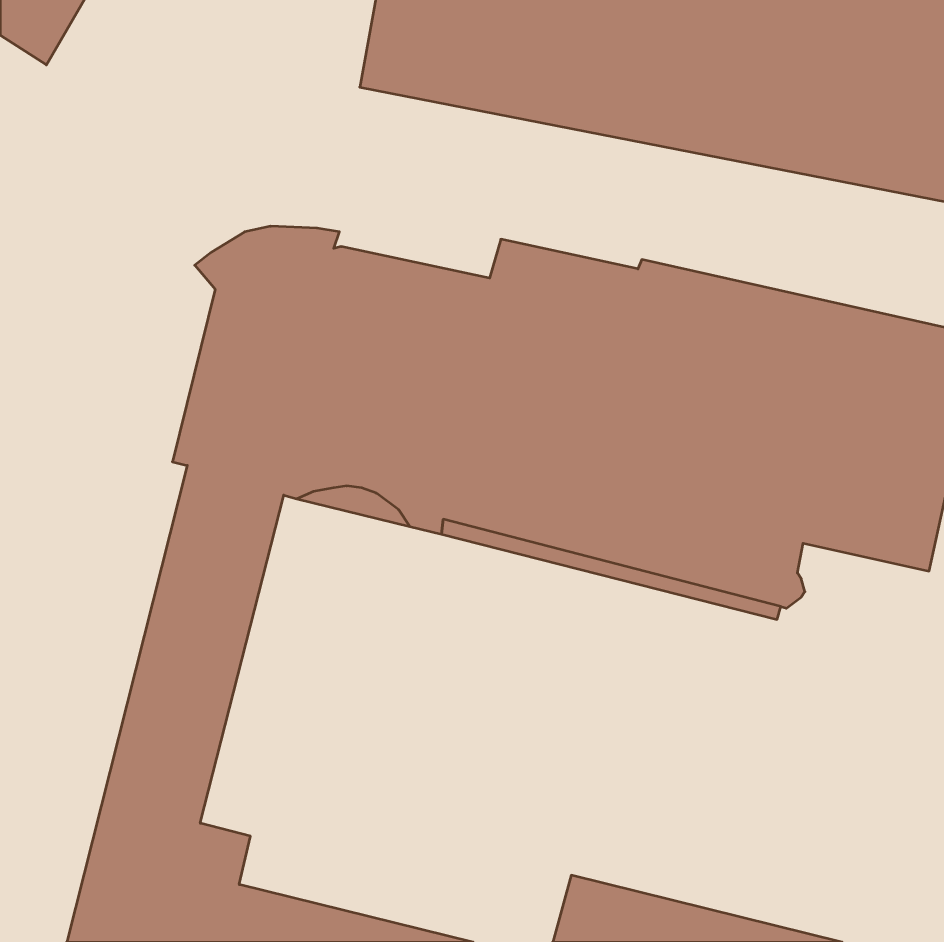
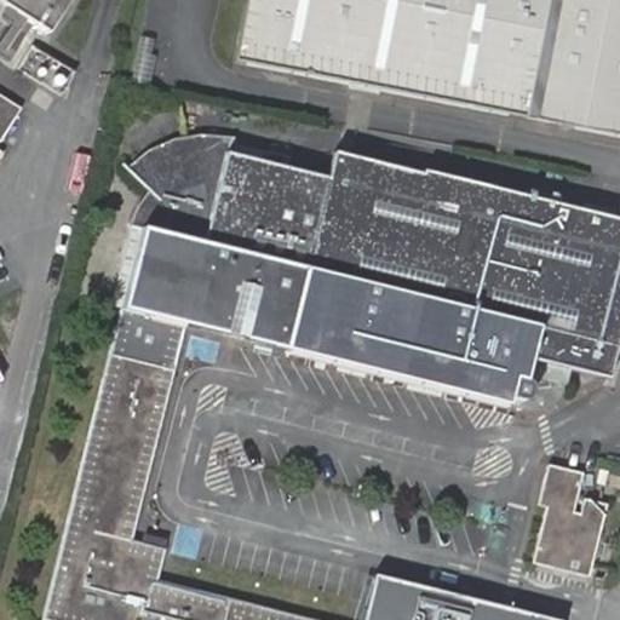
building: none -> [534,461,609,574]

